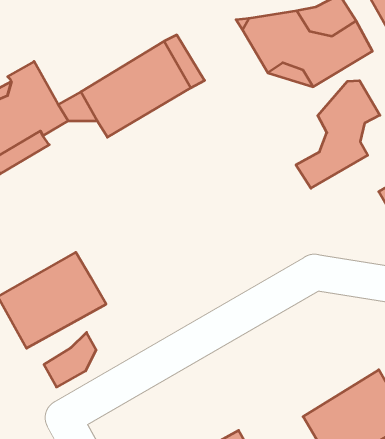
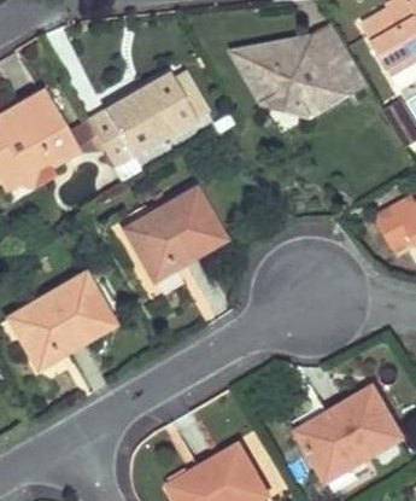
building: [296,81,380,188] -> none
building: none -> [125,188,222,276]
building: [44,332,96,387] -> none

